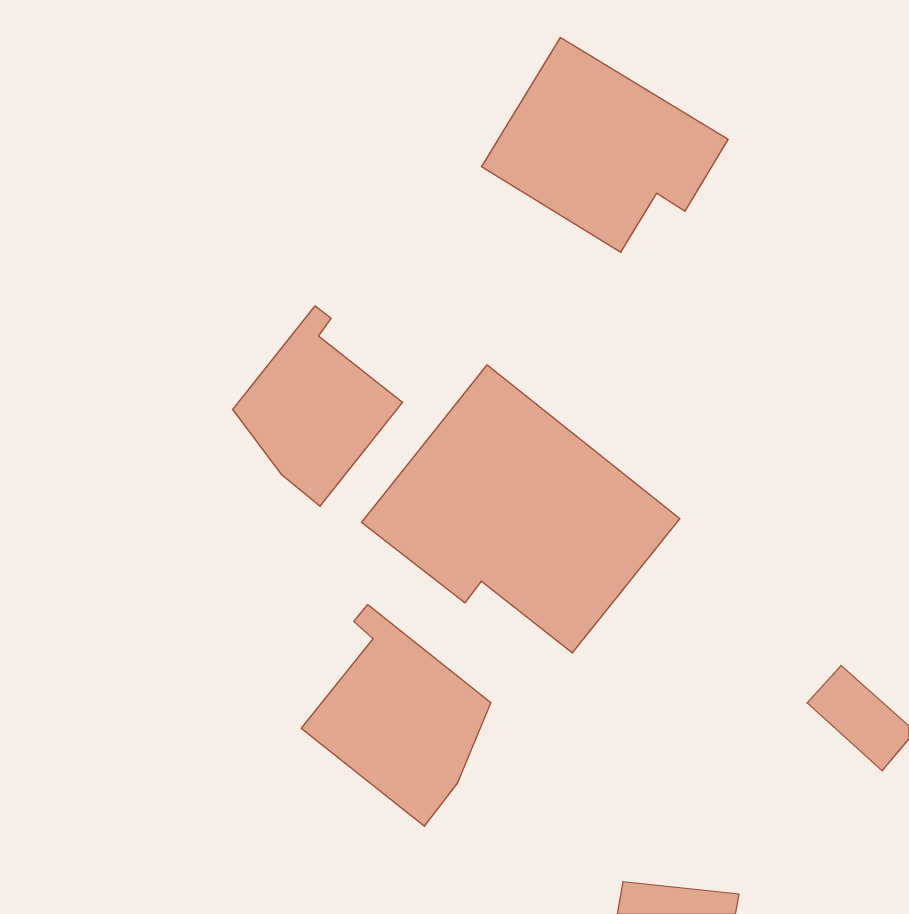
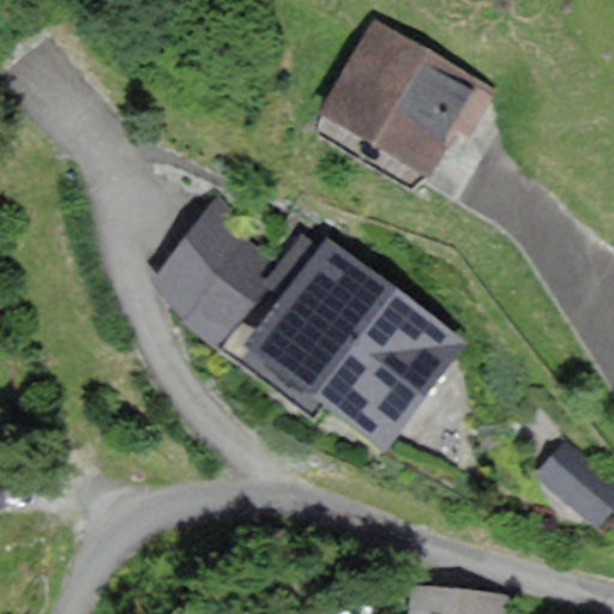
building: [301,605,491,826] -> none

